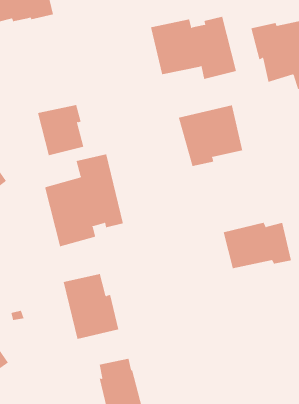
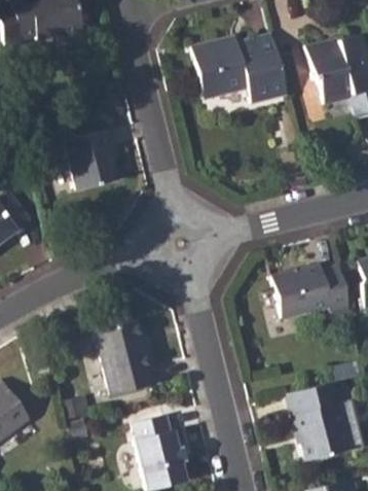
building: [178,105,243,167] -> none
building: [45,154,124,247] -> none
building: none -> [285,381,348,463]

